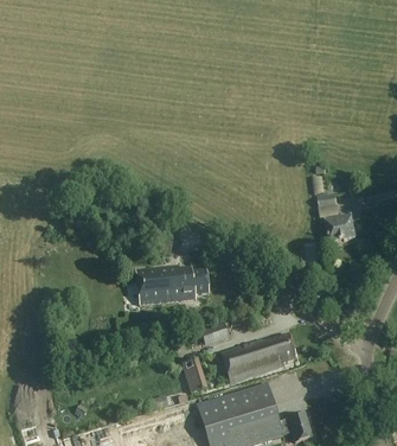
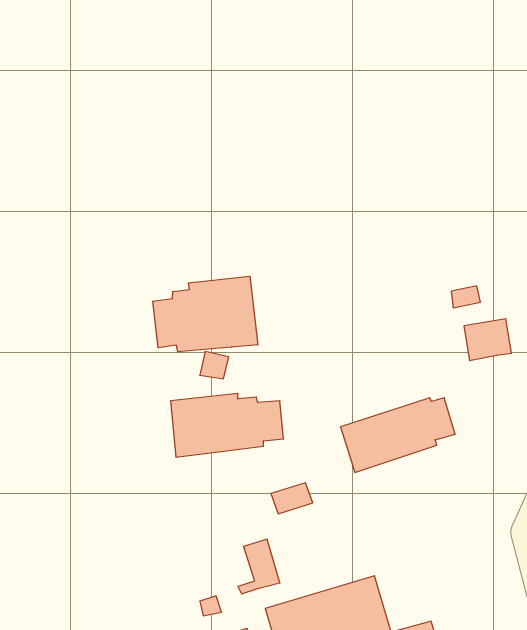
building: none -> [153,276,258,352]
building: [223,334,297,383] -> [340,398,455,472]

